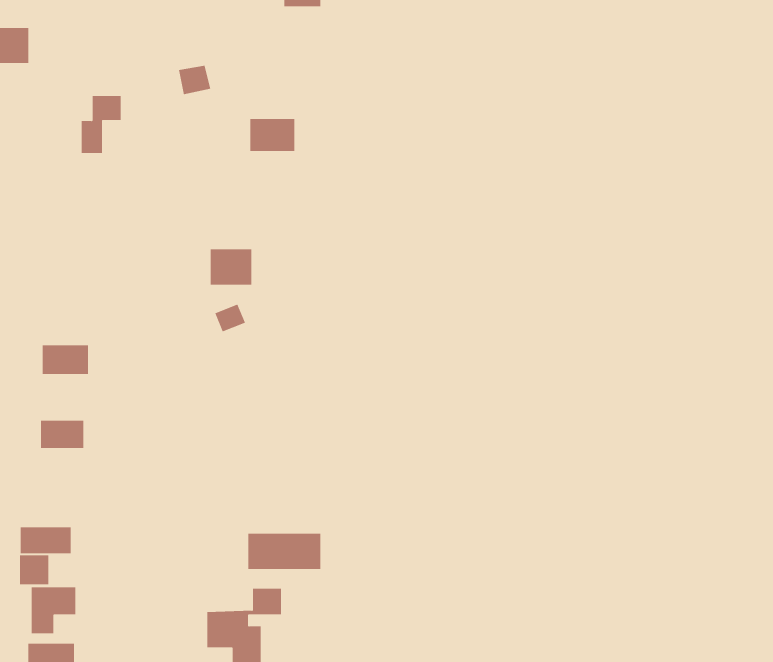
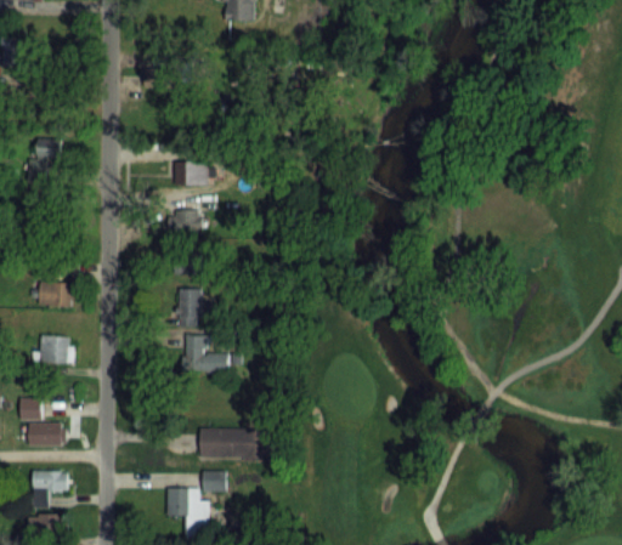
building: [81,96,122,154] -> [29,137,61,182]
building: [250,119,295,152] -> [174,161,209,187]
building: none -> [179,288,203,327]
building: none -> [182,335,225,374]
building: [19,555,49,585] -> [19,396,43,419]

